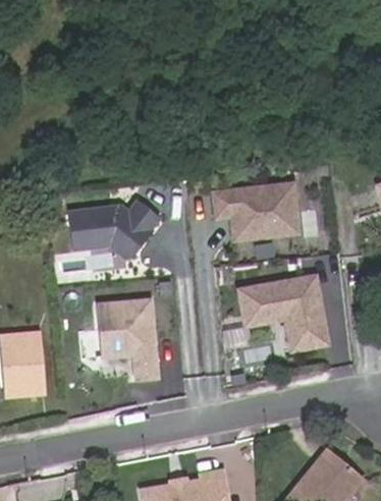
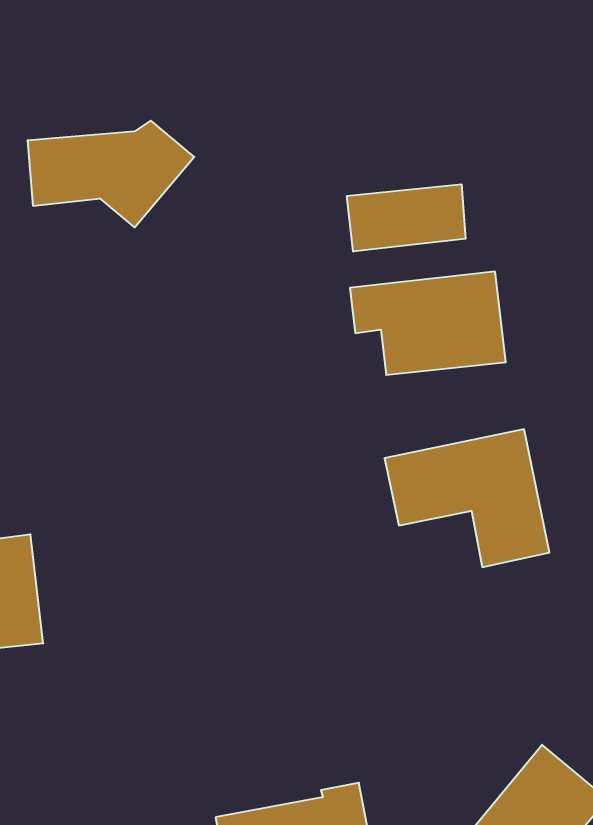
building: none -> [347,184,466,252]
building: [69,202,163,262] -> [27,121,194,227]
building: [97,298,157,379] -> none

